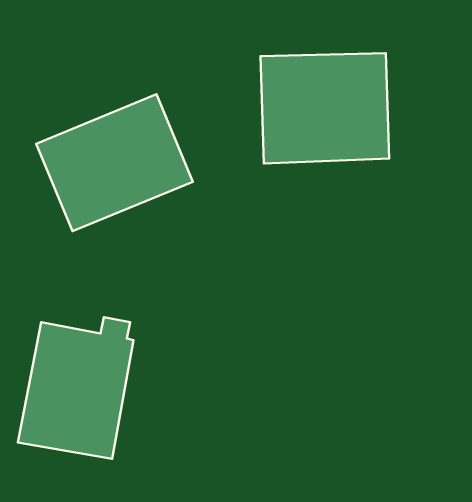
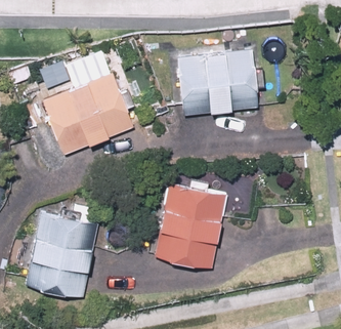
building: none -> [155,174,245,268]

